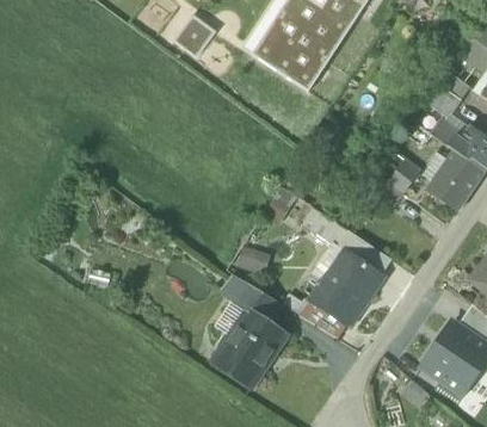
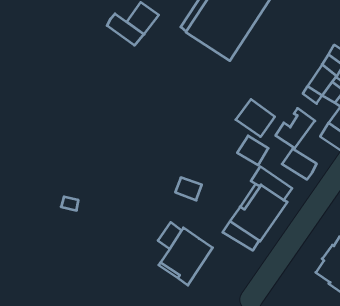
building: none -> [107,14,144,45]
building: none -> [236,99,275,137]
building: none -> [237,136,268,165]
building: none -> [282,149,316,179]
building: [226,274,282,323] -> none

